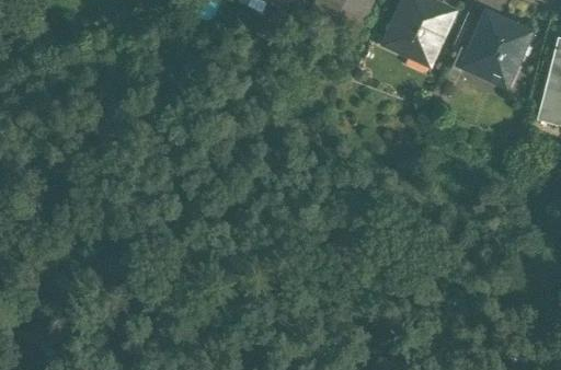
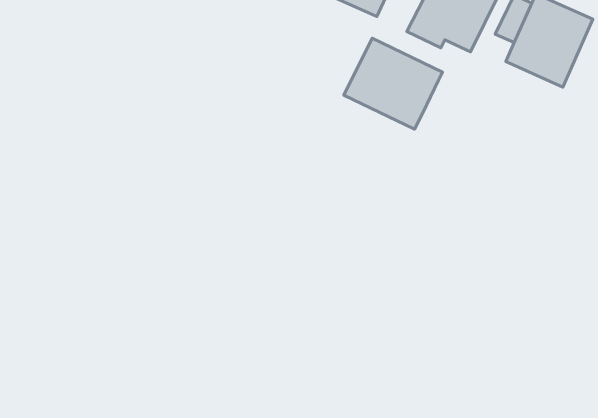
building: none -> [344,38,443,129]

